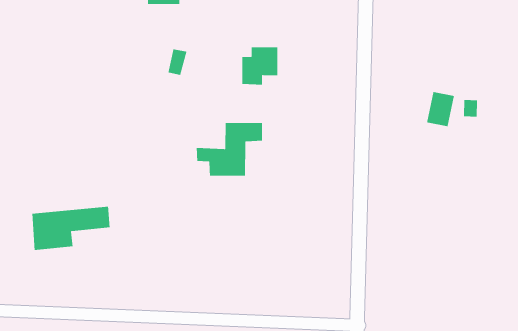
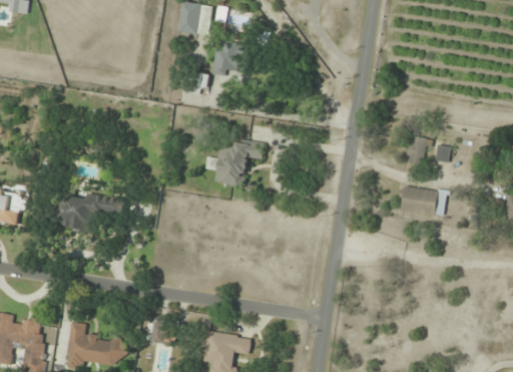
building: [241,47,278,85] -> [211,42,246,76]
building: none -> [397,187,446,218]

